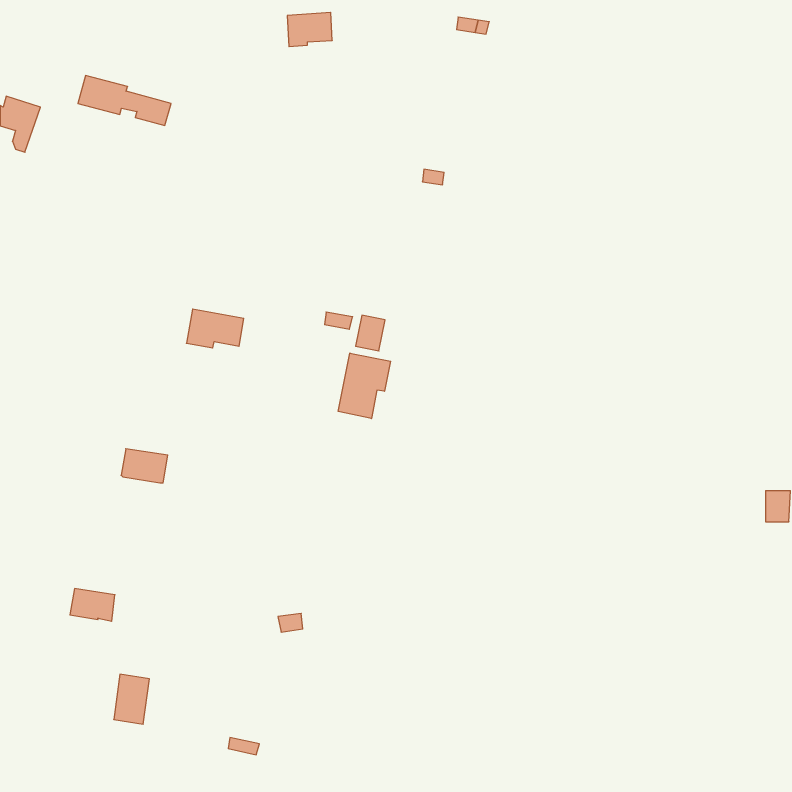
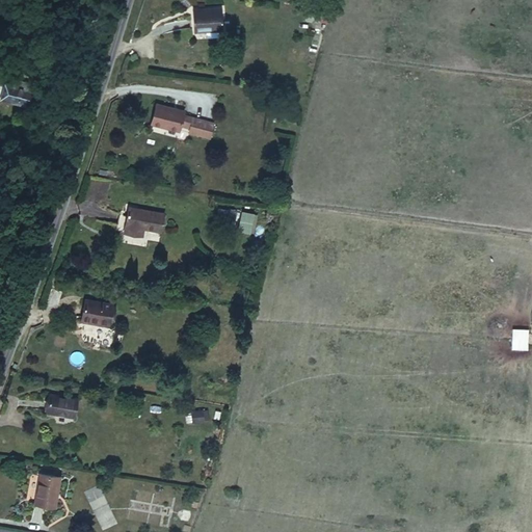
building: [78,76,171,125] -> [152,105,214,138]
building: [338,353,391,419] -> none
building: [114,674,149,724] -> [36,475,60,508]

